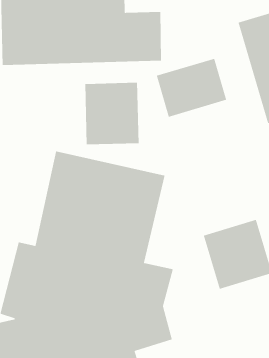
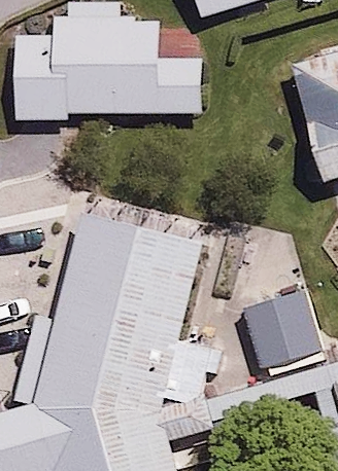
building: [156,58,227,118] -> none
building: [84,82,139,145] -> none

